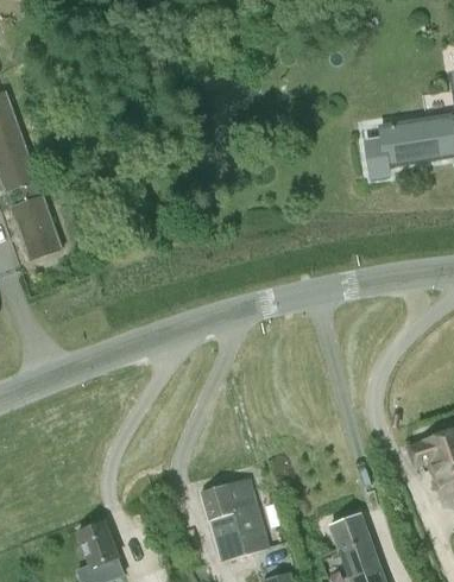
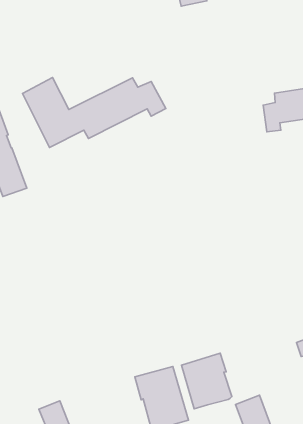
building: none -> [22,78,166,147]
building: none -> [181,353,232,409]

